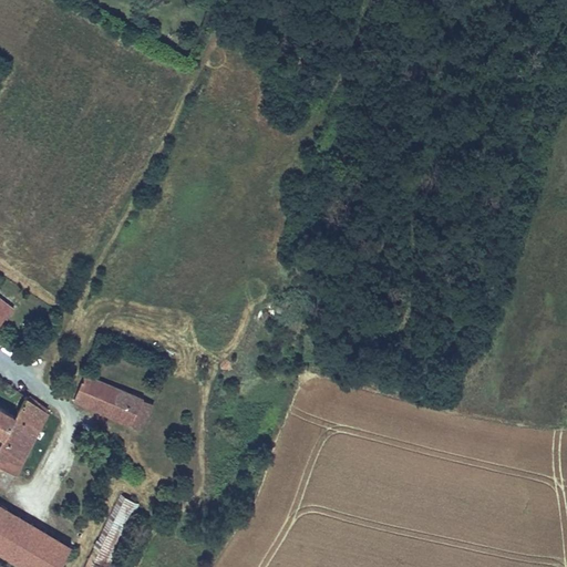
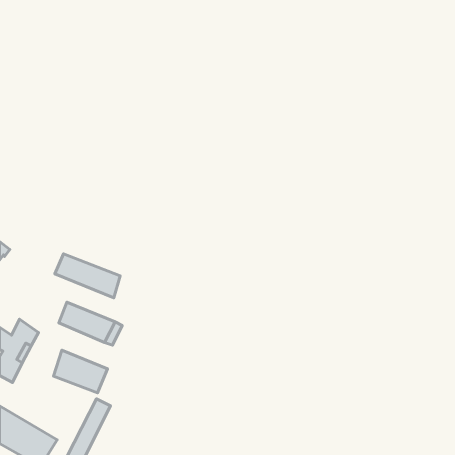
building: none -> [55,254,120,298]
building: none -> [53,350,107,393]

